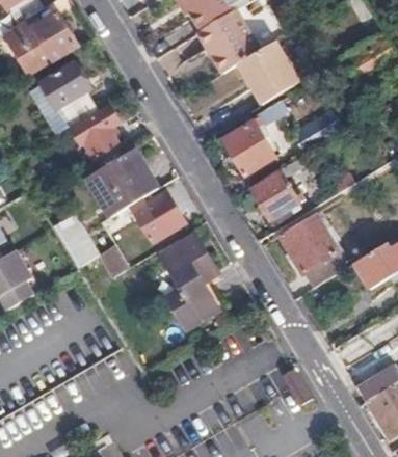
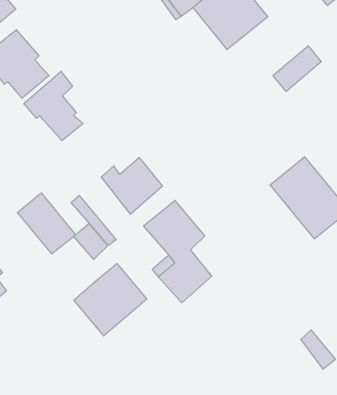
building: [223,96,297,177] -> none
building: [86,146,154,217] -> none
building: [253,157,308,219] -> none
building: none -> [74,264,147,336]

